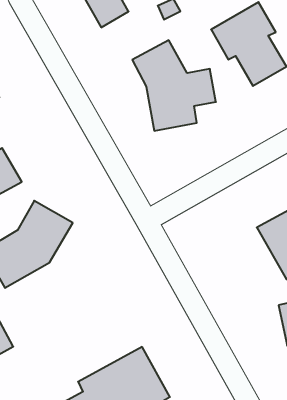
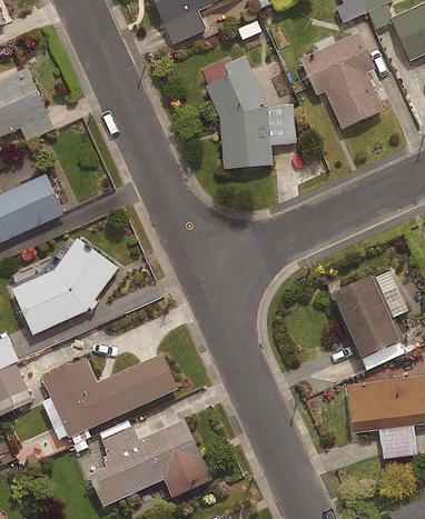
building: none -> [41,352,178,437]

